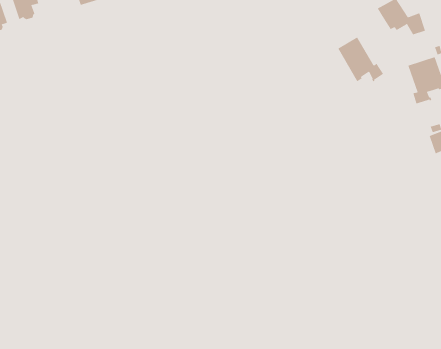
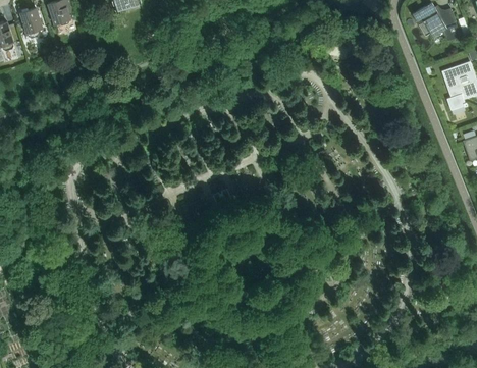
building: [338,37,384,82] -> none

